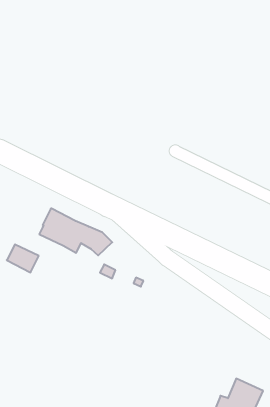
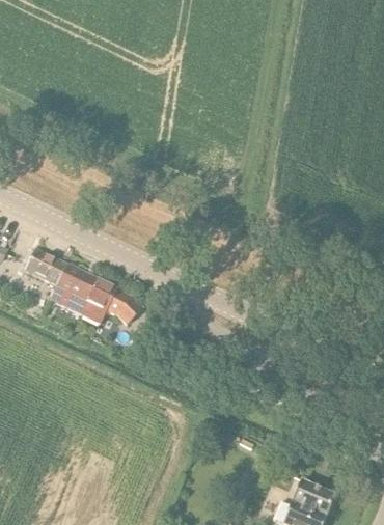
building: [7,244,39,272] -> [26,251,66,286]

